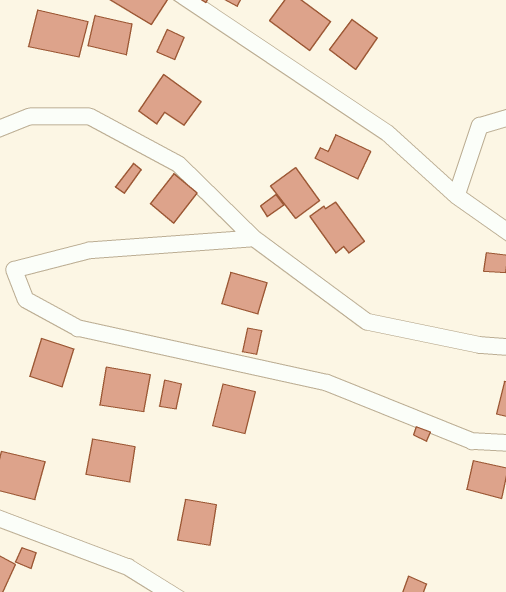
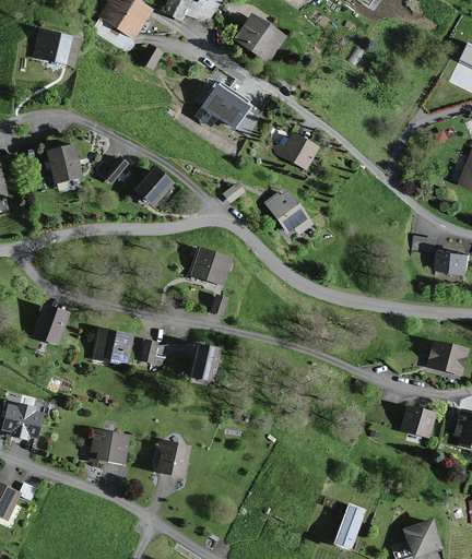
building: [88,15,132,55] -> none
building: [330,19,377,69] -> none
building: [139,75,201,125] -> [198,83,250,126]
building: none -> [45,142,82,185]
building: [271,168,320,218] -> none
building: [86,439,135,482] -> [88,429,130,465]

